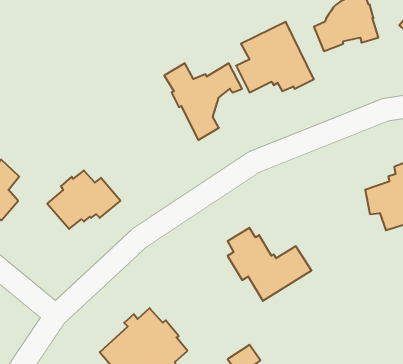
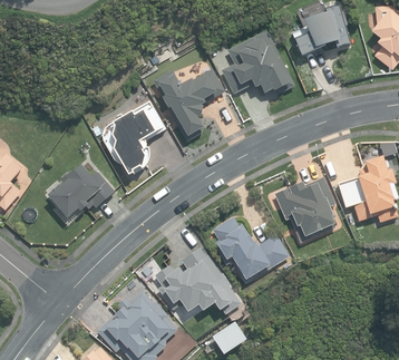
building: none -> [104,101,166,175]
building: none -> [274,177,335,243]
building: none -> [154,246,242,314]

